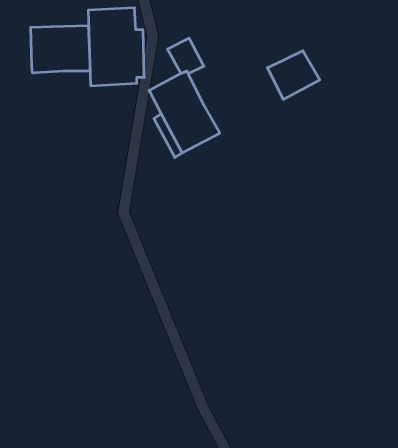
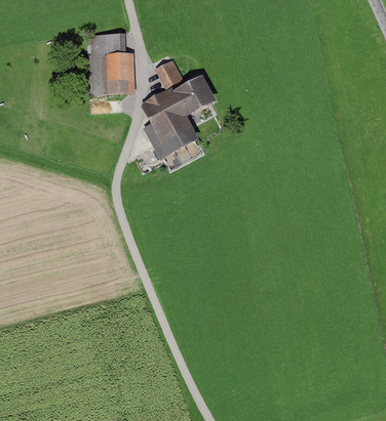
building: [31,25,90,73] -> none
building: [267,51,320,99] -> [172,74,217,115]

